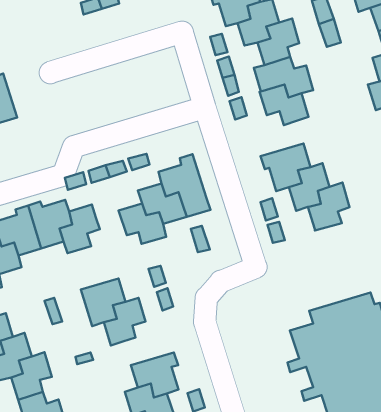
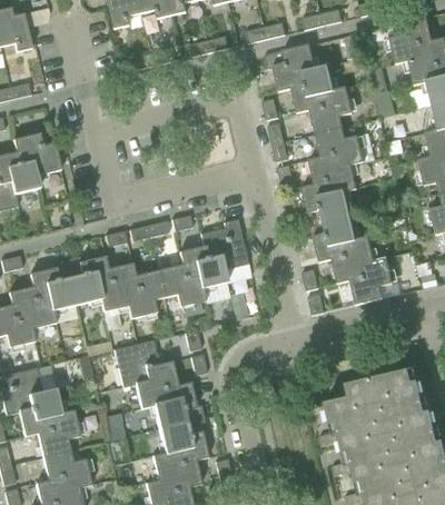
building: none -> [303,180,350,225]
building: none -> [125,270,165,317]
building: none -> [154,383,205,428]

